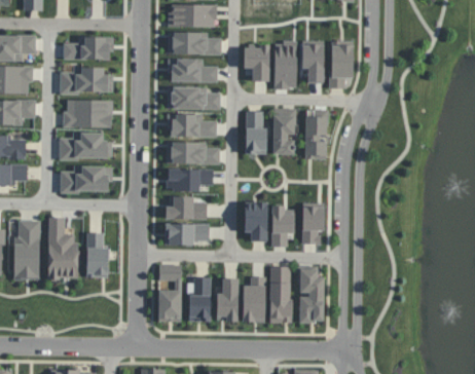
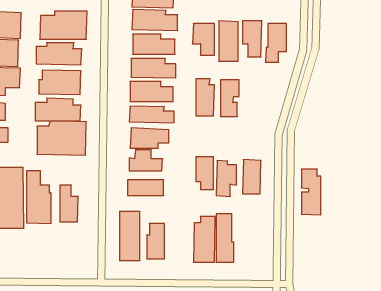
building: [306,114,329,158] -> none
building: [298,271,321,325] -> [301,169,321,215]
building: [215,280,238,322] -> none

